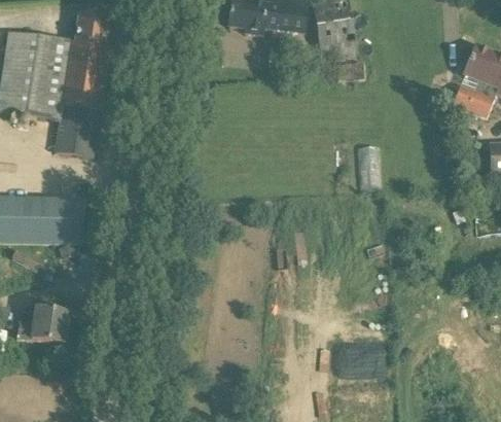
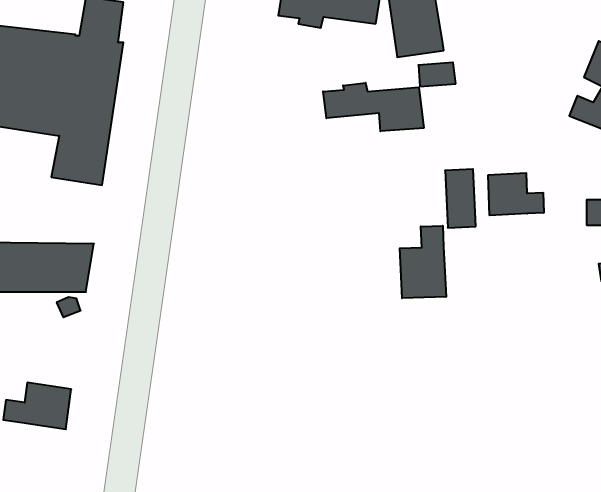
building: none -> [323,83,424,131]
building: none -> [488,173,544,215]
building: none -> [400,226,446,298]

